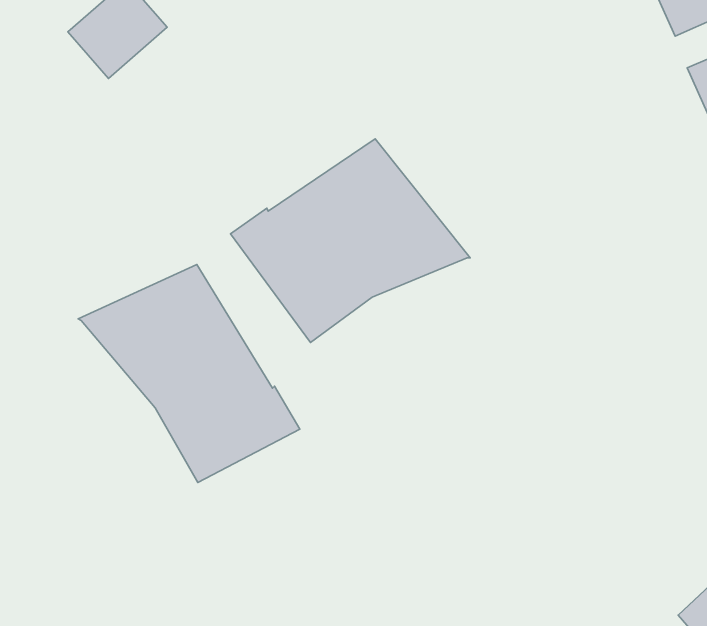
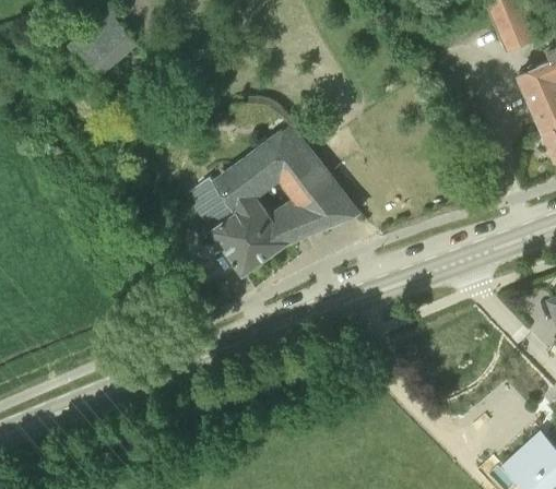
building: [78,264,300,482] -> none

